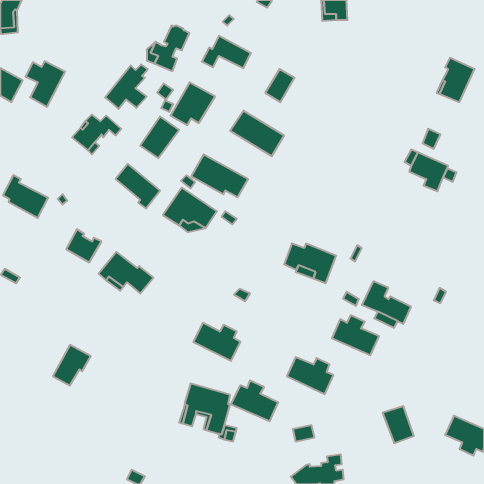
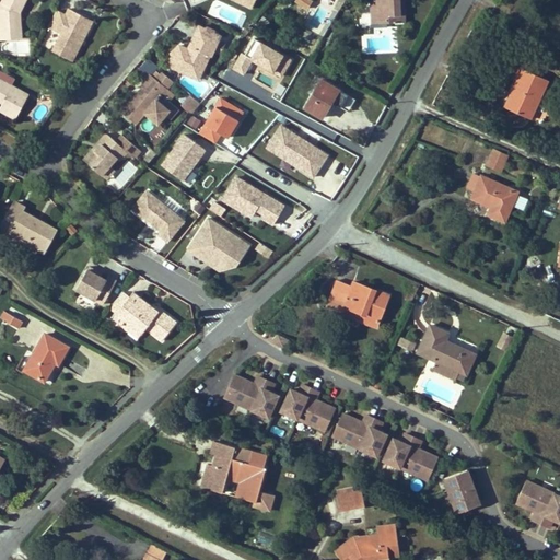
building: [25,61,65,107] -> [47,9,93,61]
building: [332,315,379,355] -> [382,432,436,478]
building: [53,345,91,386] -> [25,334,69,381]
building: [231,381,278,421] -> [280,383,335,430]

